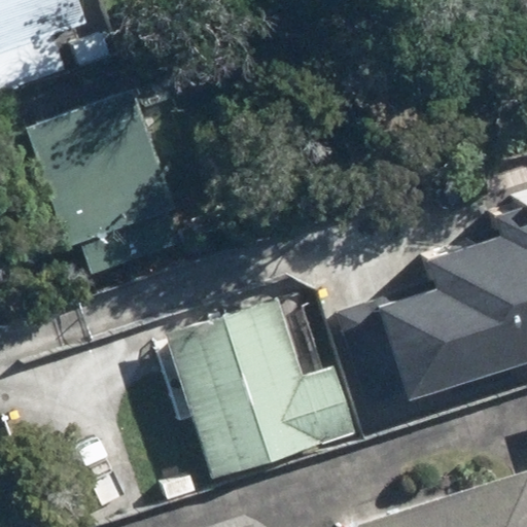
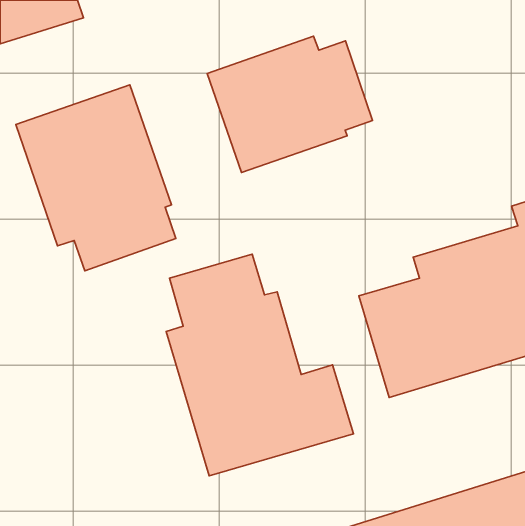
building: none -> [207,36,372,172]

